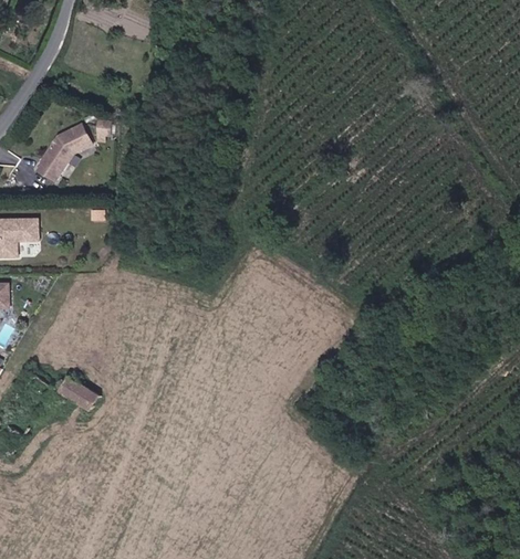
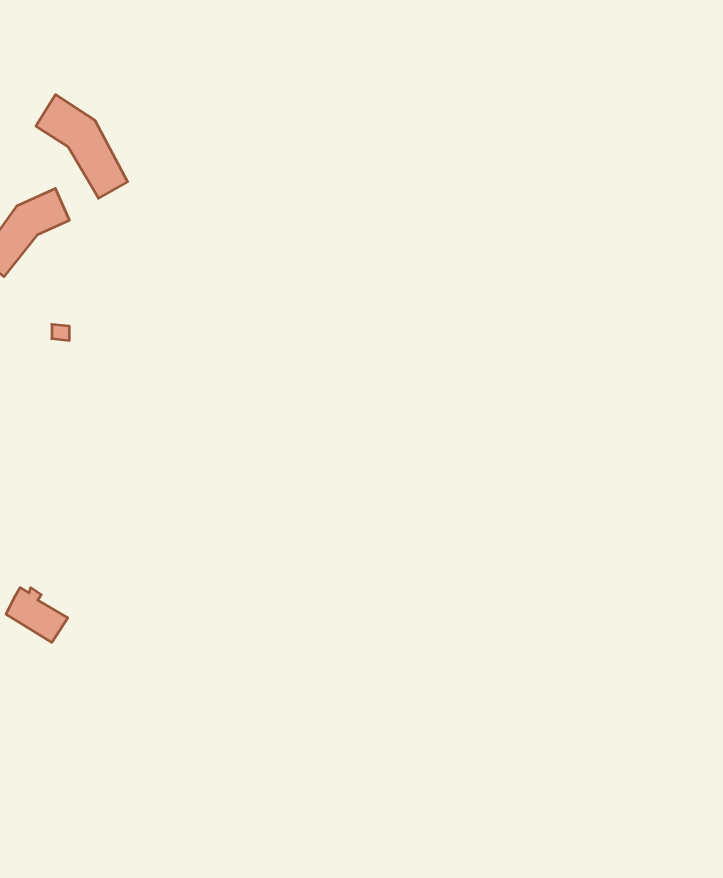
building: none -> [36,95,128,198]

